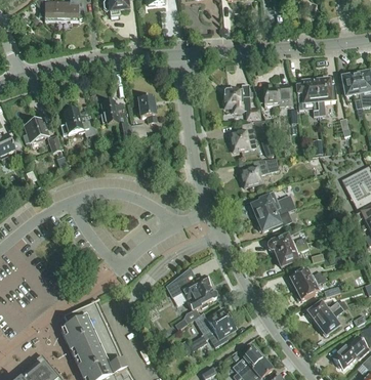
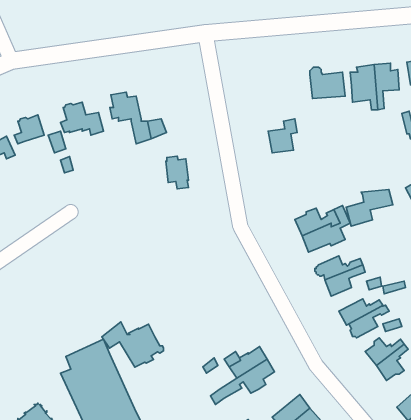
building: [224,84,260,121] -> none
building: [138,95,157,122] -> [166,156,188,189]
building: [240,158,278,187] -> [346,190,393,226]
building: [166,273,216,310] -> [102,322,164,367]

